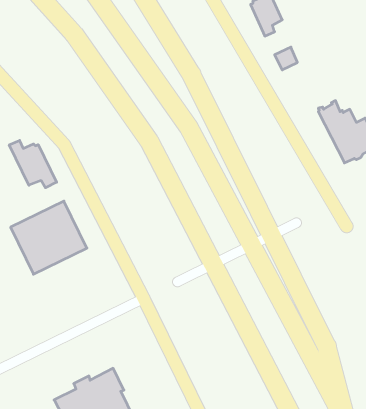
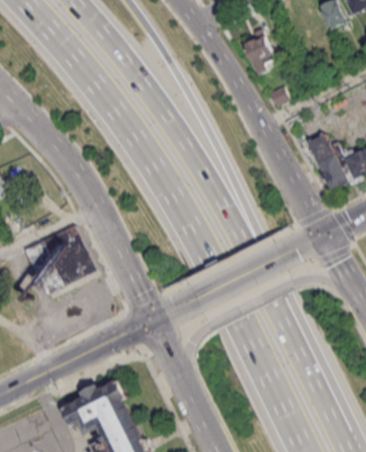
building: [9,140,57,188] -> none

